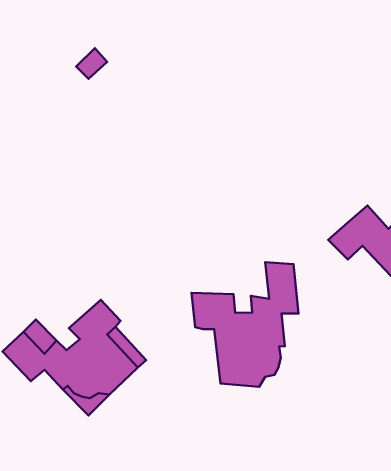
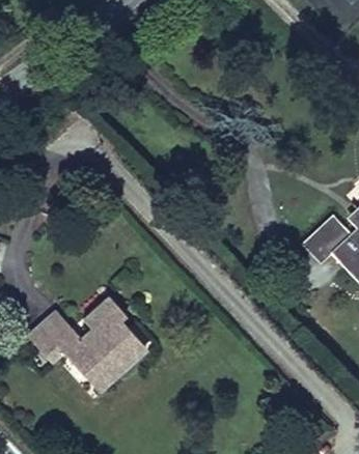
building: [191,262,299,387] -> none

